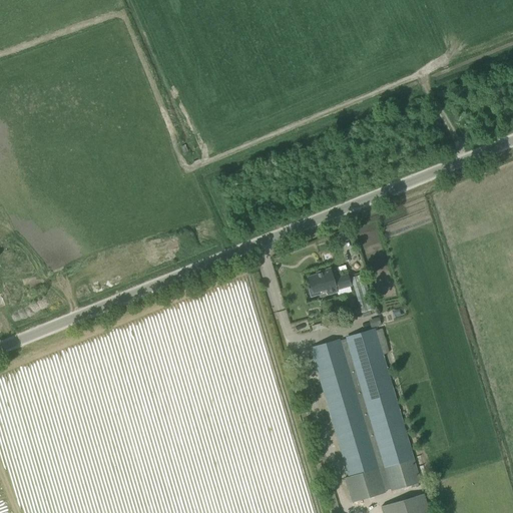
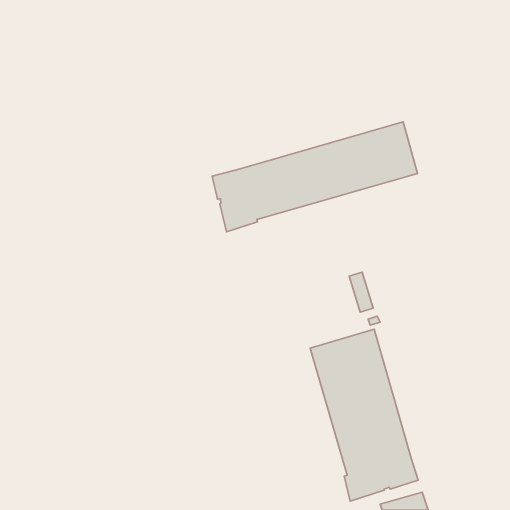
building: none -> [212,122,417,232]
building: [309,268,352,296] -> none

